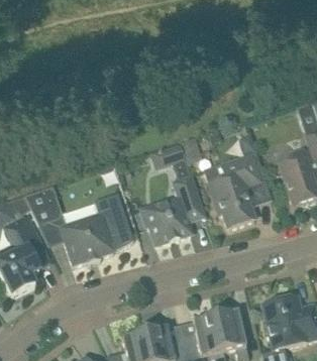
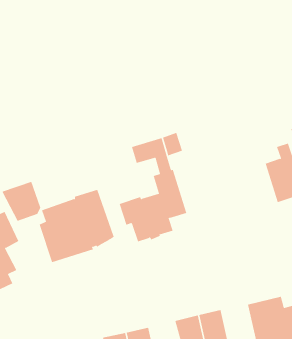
building: [205,154,260,228] -> none

